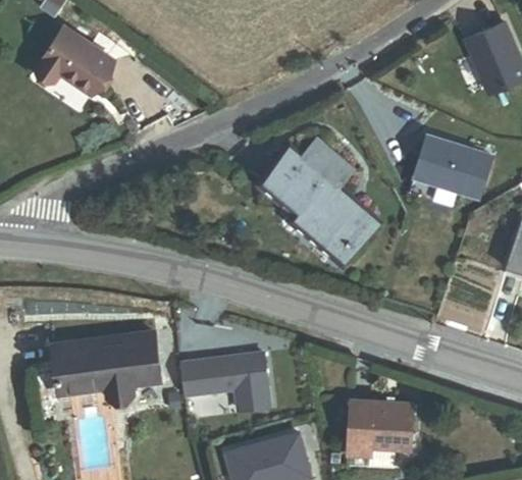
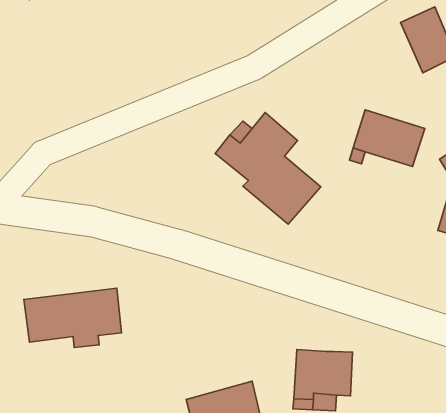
building: [36,26,112,93] -> none
building: [181,351,271,410] -> none

